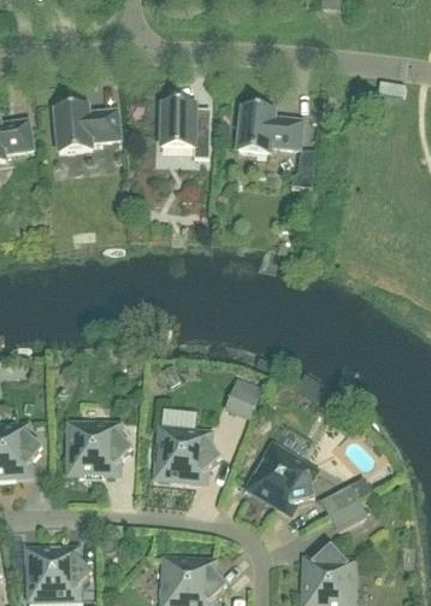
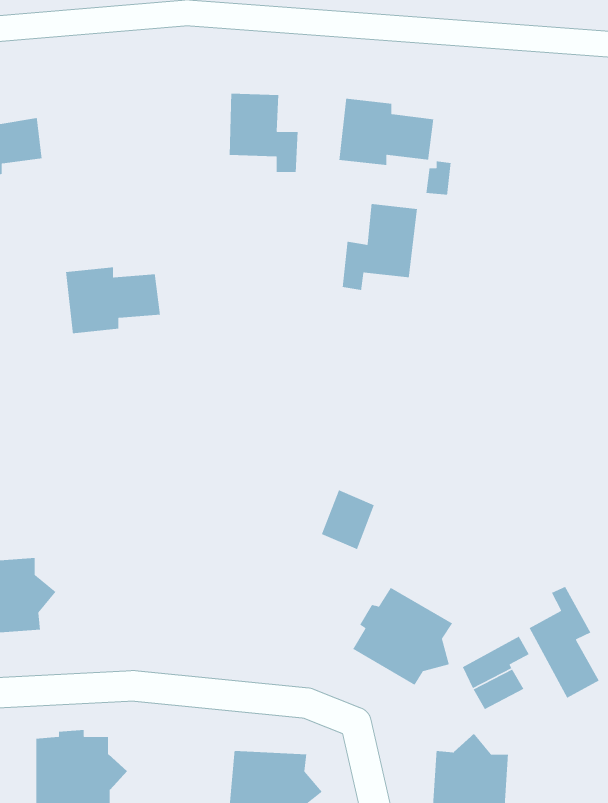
building: [53,102,119,149] -> [65,266,161,334]
building: none -> [342,203,418,291]
building: [67,422,131,477] -> none
building: [152,426,220,482] -> none
building: none -> [528,586,600,699]

